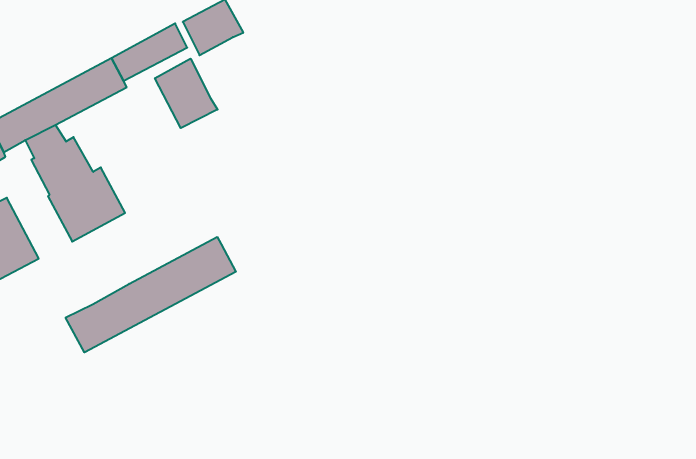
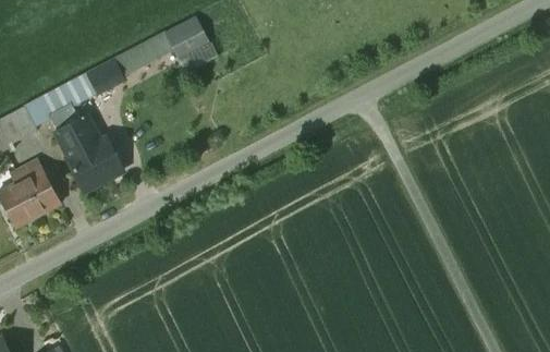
building: [155,59,218,128] -> none
building: [66,237,236,352] -> none

